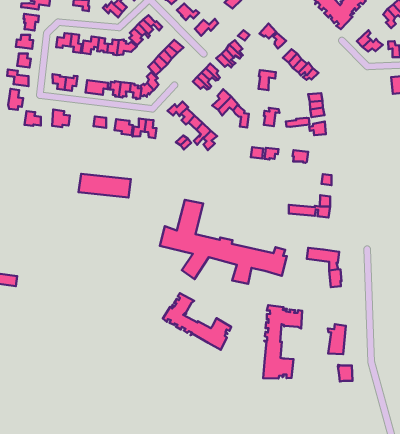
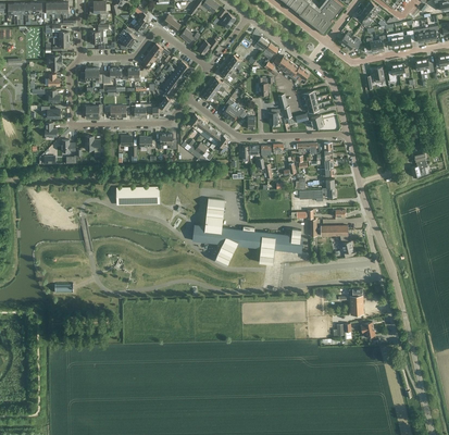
building: [163,293,231,350] -> none
building: [263,305,302,378] -> none

